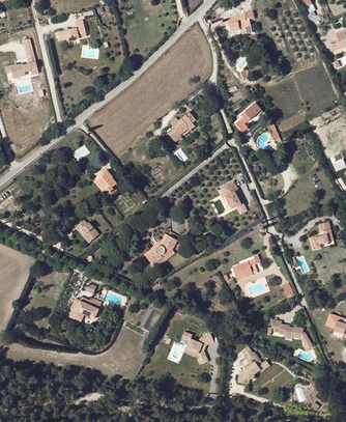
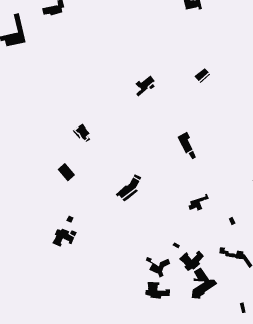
building: none -> [178,250,205,272]
building: none -> [145,281,170,299]

